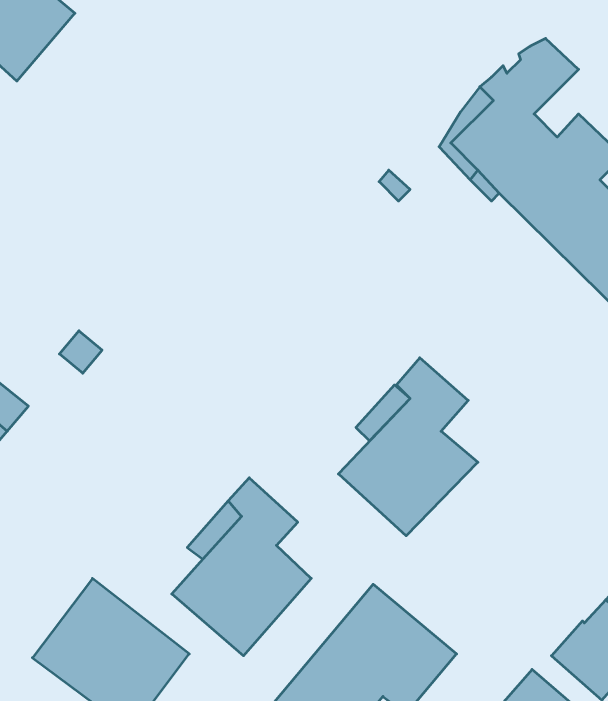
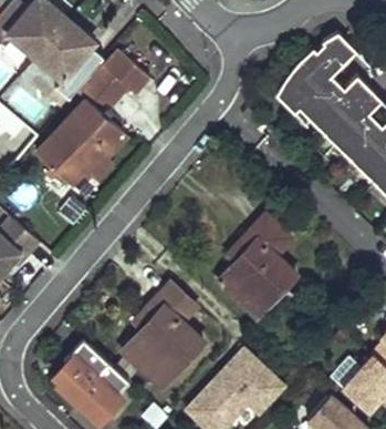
building: none -> [35,19,97,108]
building: none -> [35,52,146,186]

